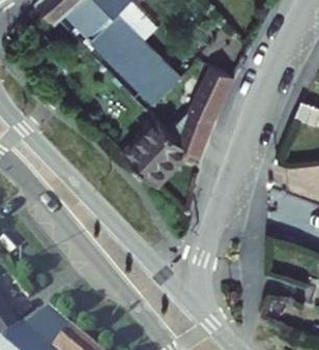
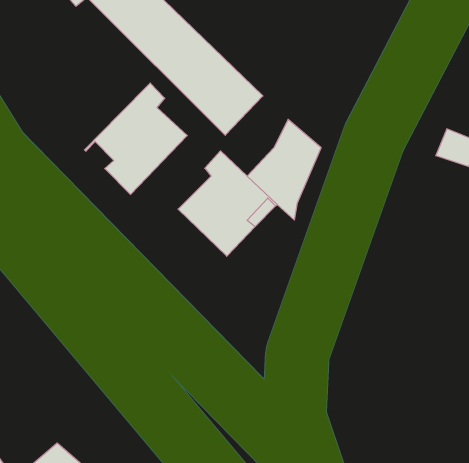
building: [198,64,235,111] -> none
building: none -> [84,83,187,194]

